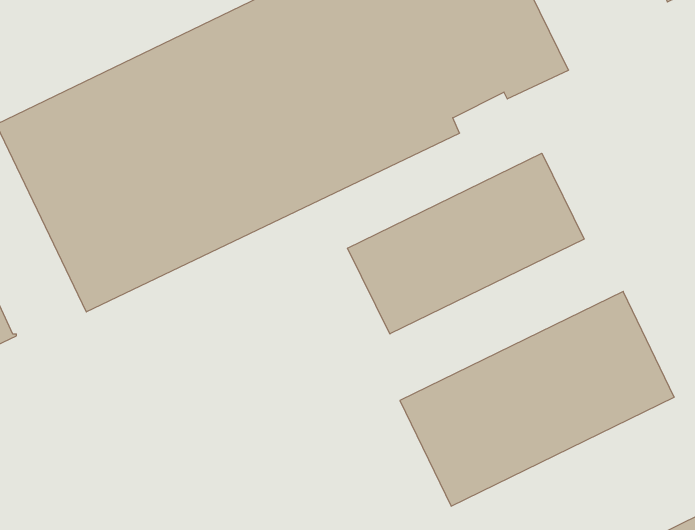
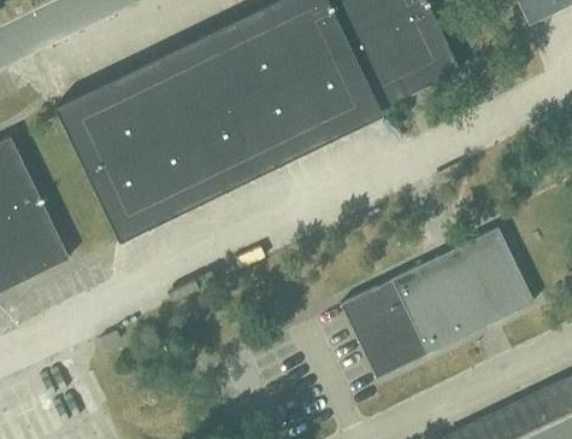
building: [348,153,584,334] -> none

